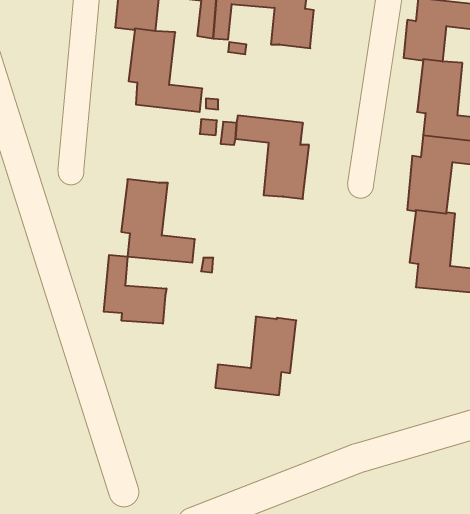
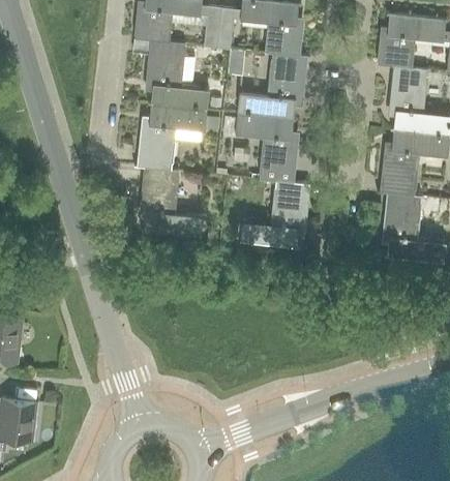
building: none -> [238,54,306,120]
building: none -> [138,104,206,171]
building: [104,255,166,324] -> none
building: [215,317,296,395] -> [241,182,309,248]

